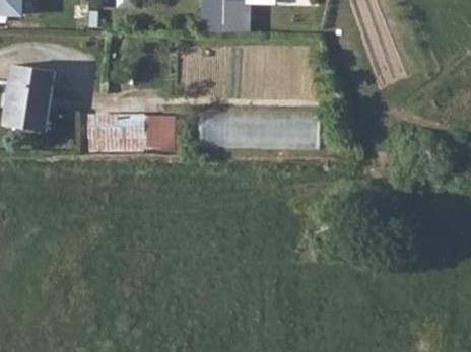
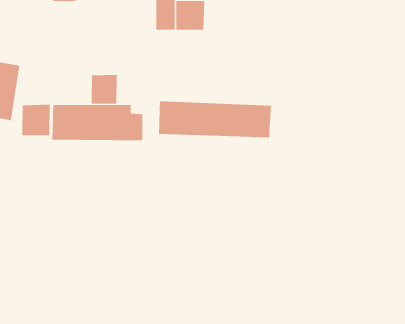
building: none -> [91,74,117,105]
building: none -> [22,104,50,136]

